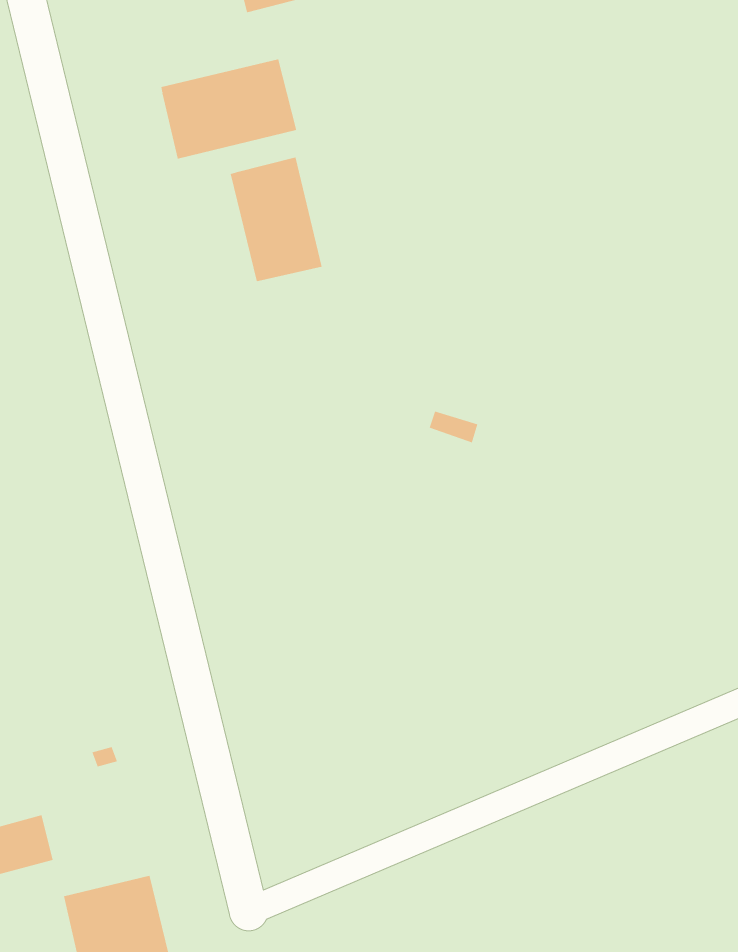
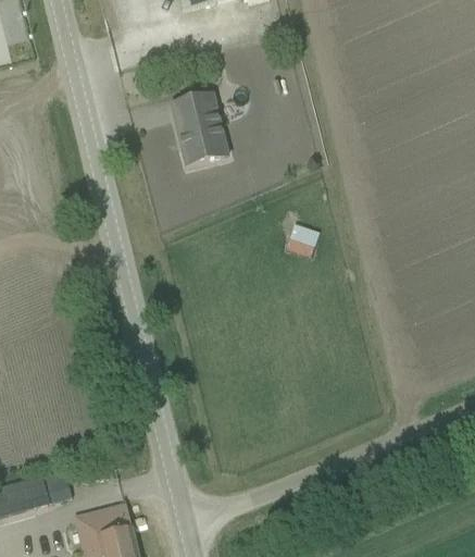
building: [161,58,297,159] -> none

